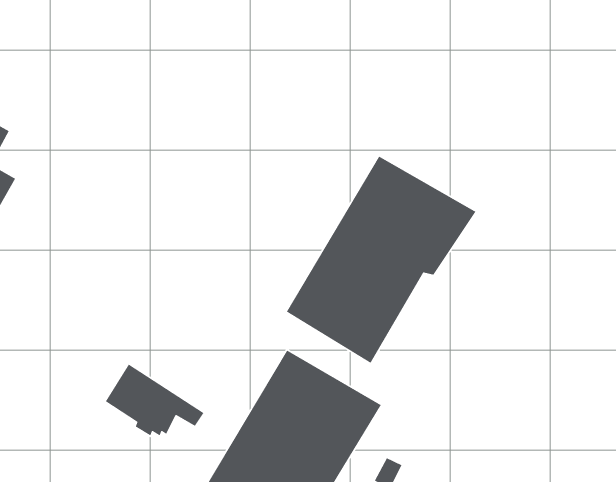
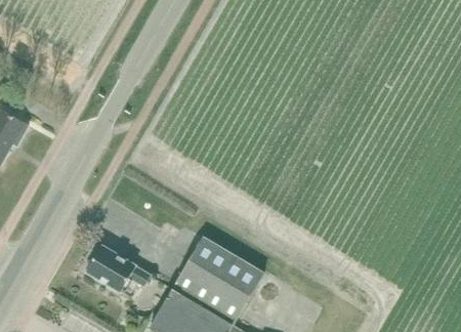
building: [286,155,476,364] -> none

